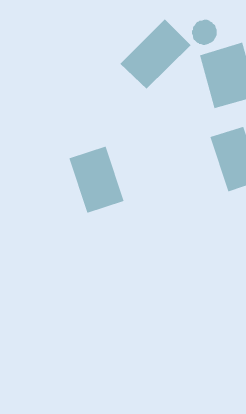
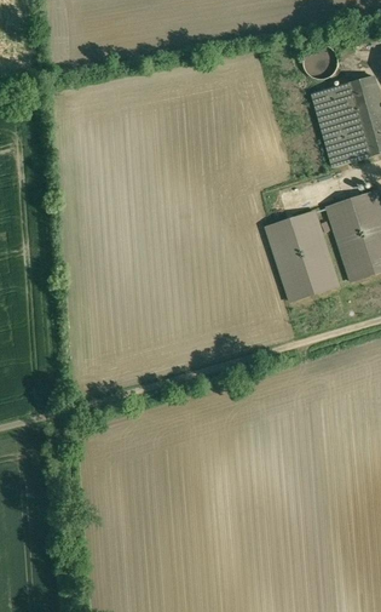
building: [120,18,191,90] -> none
building: [69,146,125,213] -> [261,208,339,302]

